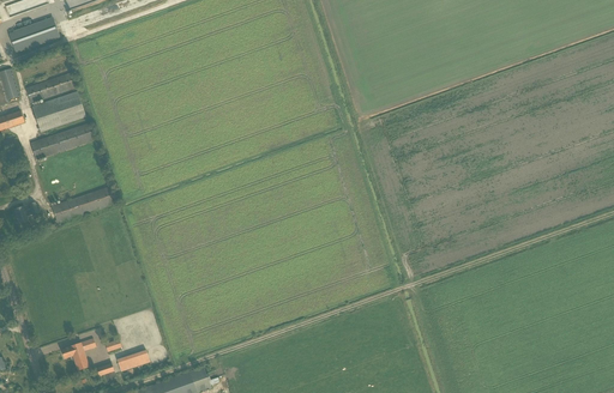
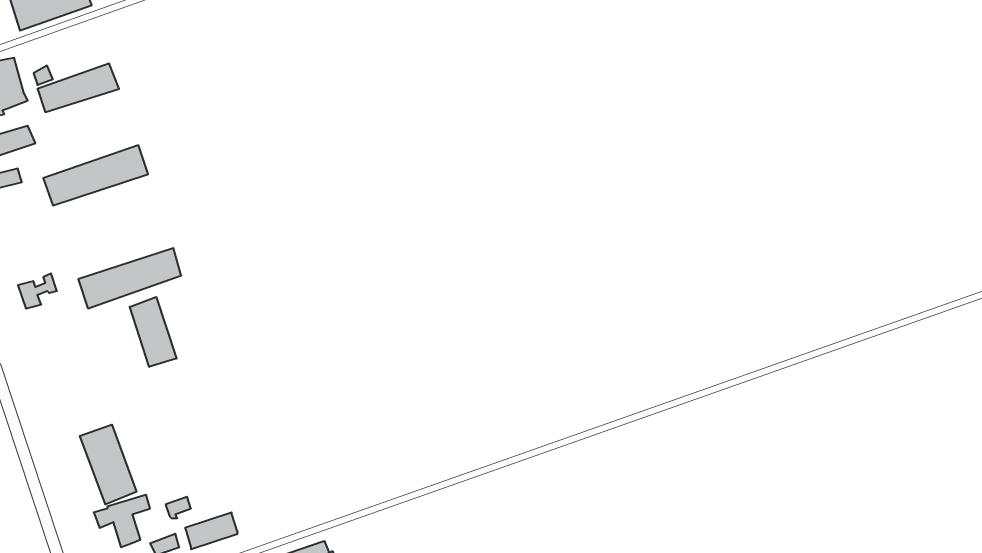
building: [32,90,86,132] -> none
building: none -> [130,297,177,367]
building: none -> [80,425,136,504]

